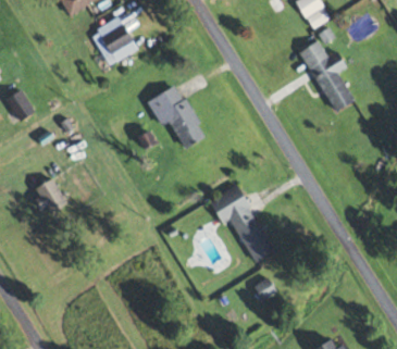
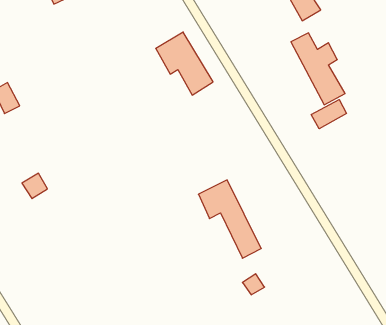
building: [99,20,137,61] -> none
building: [148,86,204,148] -> [156,32,213,95]
building: none -> [311,100,346,129]

